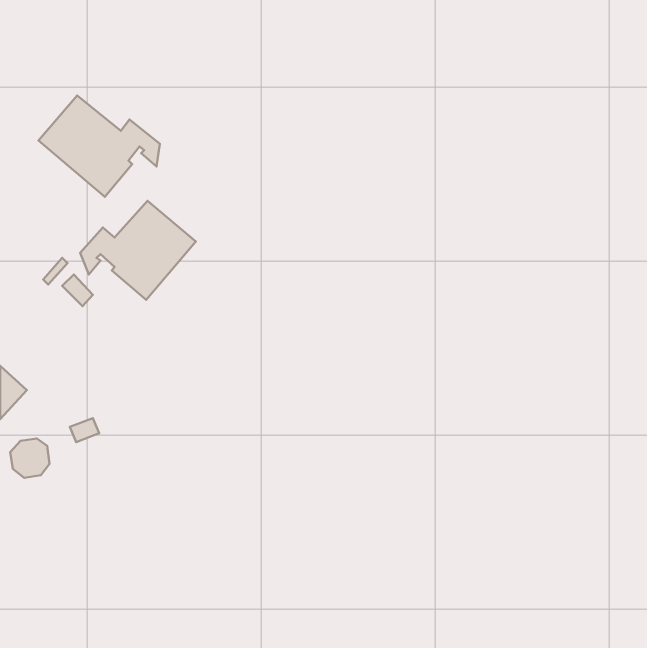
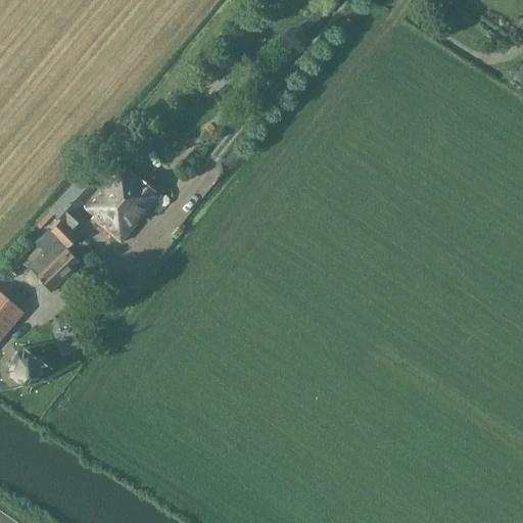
building: [39,95,160,197] -> none
building: none -> [29,241,81,292]

